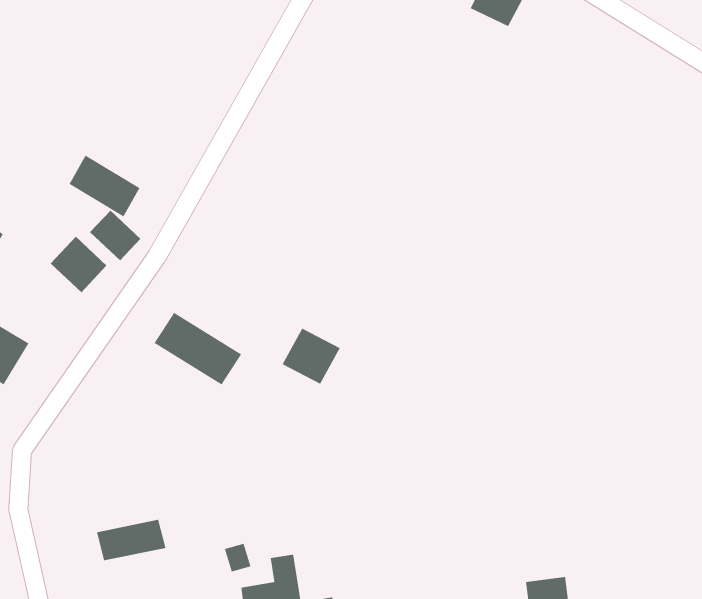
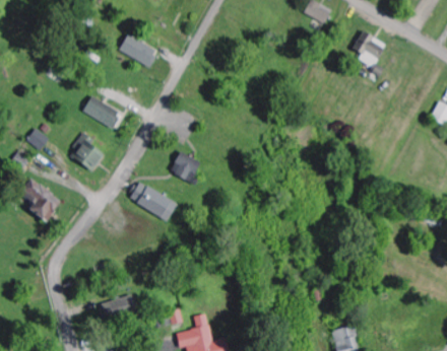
building: none -> [353,30,387,67]
building: none -> [119,34,157,66]
building: [89,210,141,261] -> none
building: [282,327,341,385] -> [170,151,202,183]

